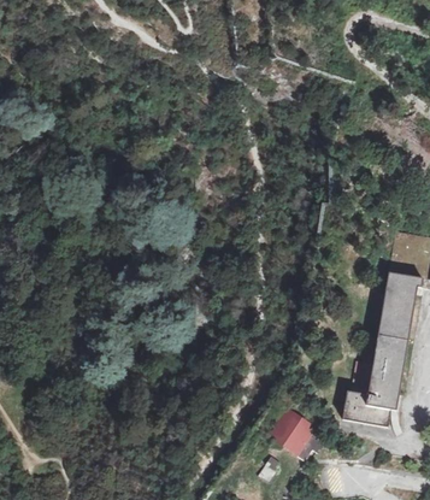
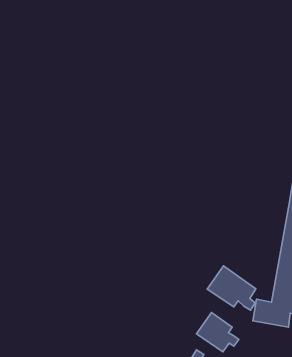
building: none -> [207,266,256,310]

